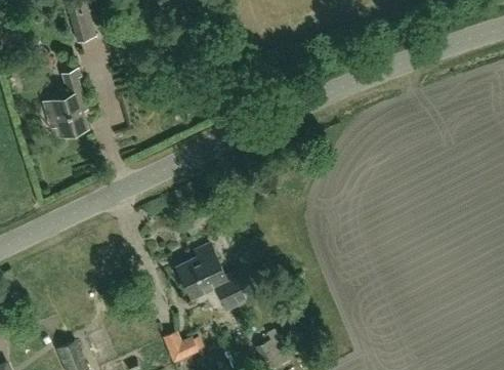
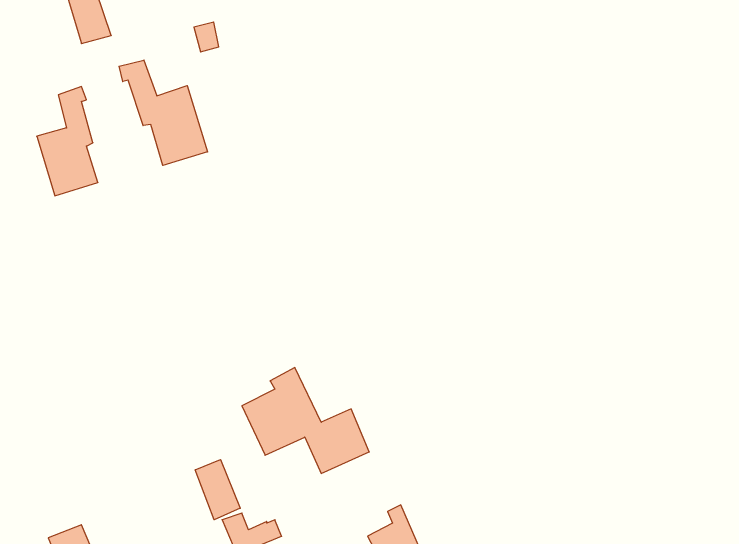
building: none -> [119,60,208,165]
building: none -> [195,460,240,520]

